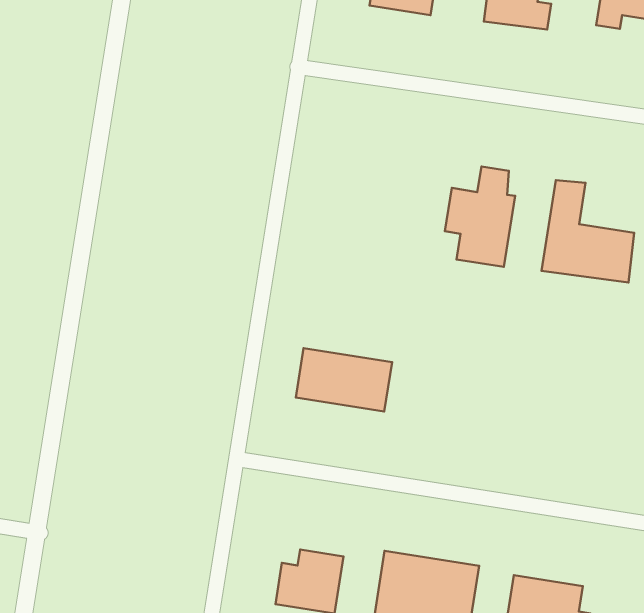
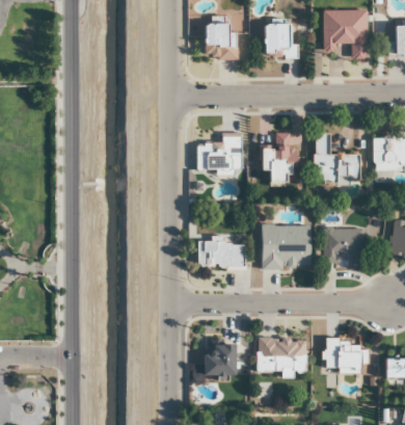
building: none -> [197,133,242,169]
building: none -> [262,225,310,269]
building: none -> [323,230,362,262]

